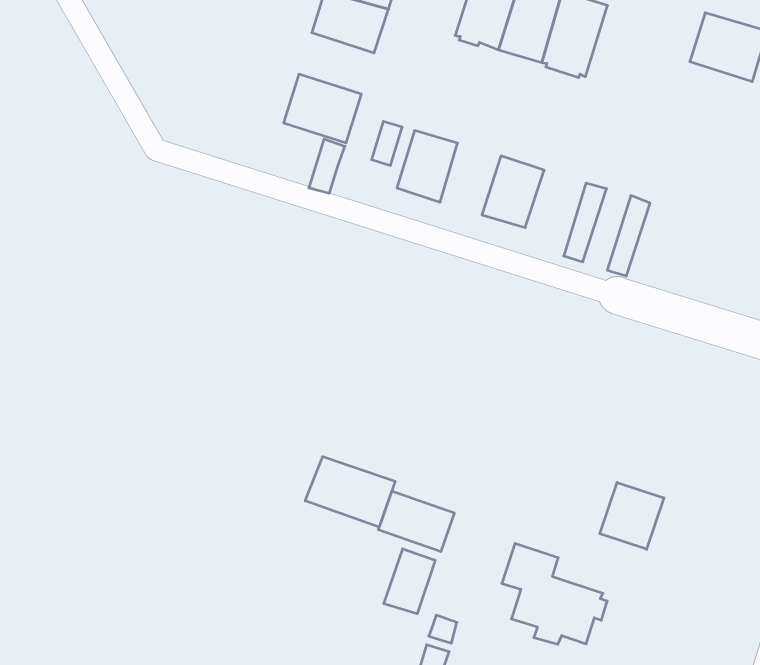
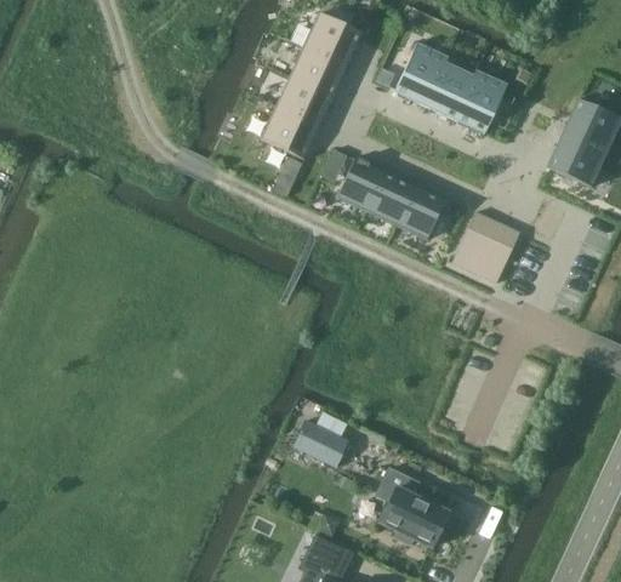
building: none -> [277,75,334,125]
building: none -> [547,132,606,187]
building: none -> [368,170,416,224]
building: [305,457,395,527] -> none
building: [600,482,664,549] -> none
building: [384,549,435,614] -> none

